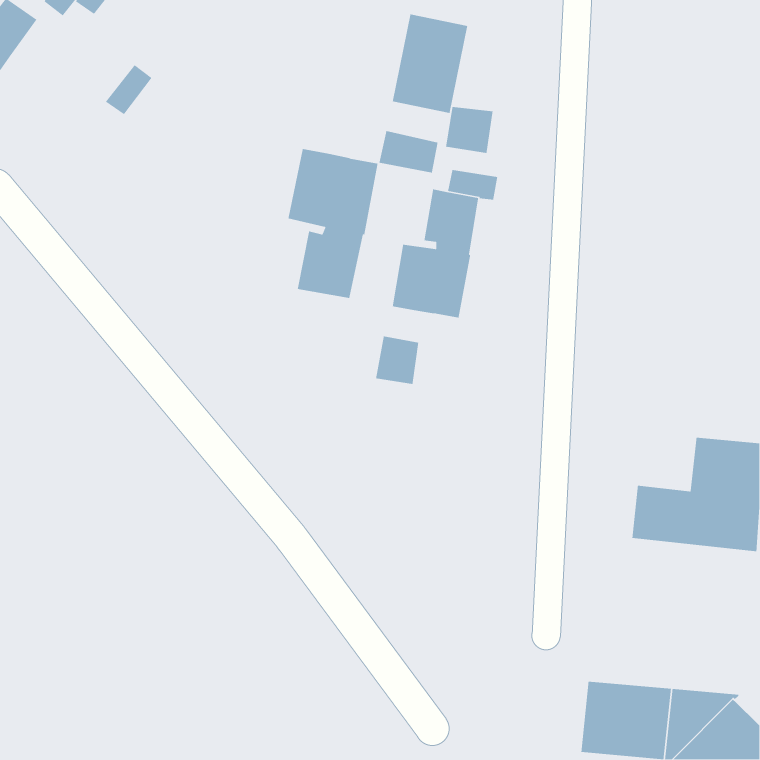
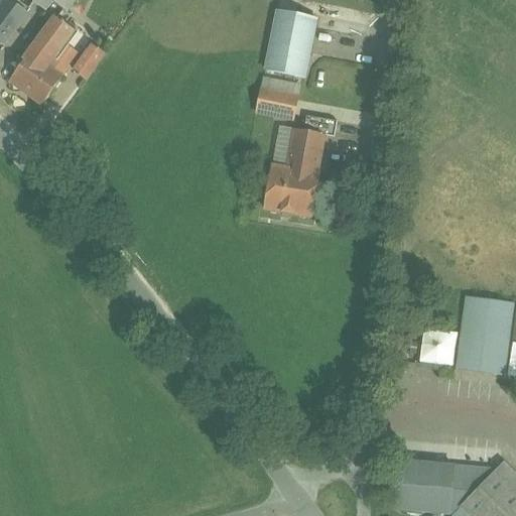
building: none -> [7,15,77,102]
building: [445,106,493,154] -> none
building: [288,148,379,299] -> none
building: [375,336,419,385] -> none

